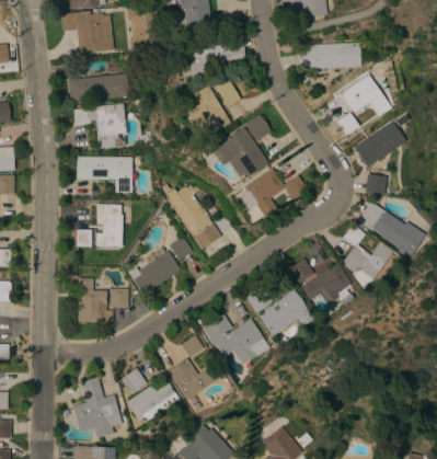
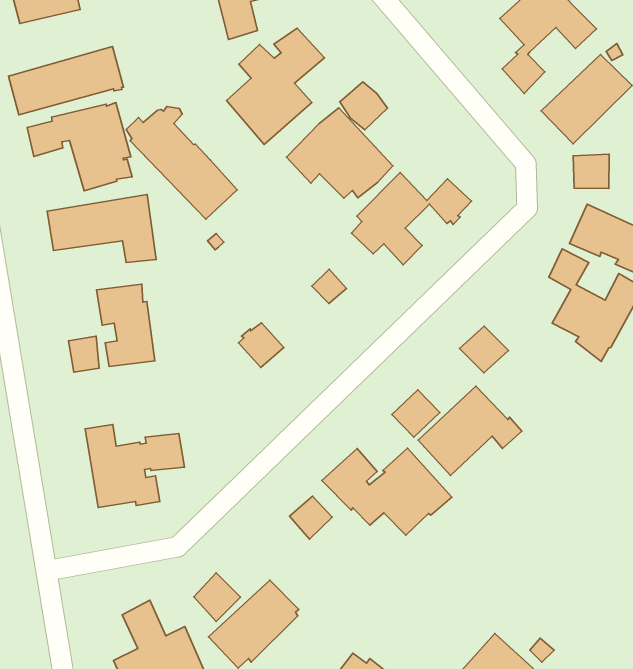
building: [166,185,221,250] -> [126,107,237,219]
building: [128,251,181,295] -> none
building: [301,263,352,305] -> none
building: [166,357,217,400] -> none

